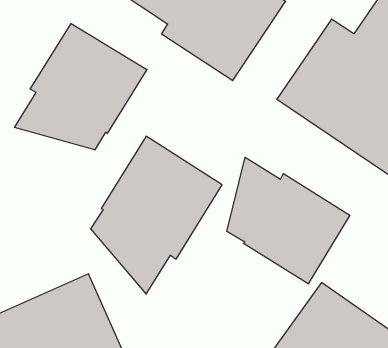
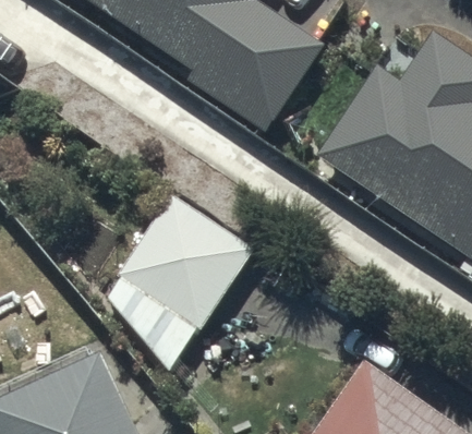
building: [15,24,147,150] -> none
building: [227,157,350,284] -> none

